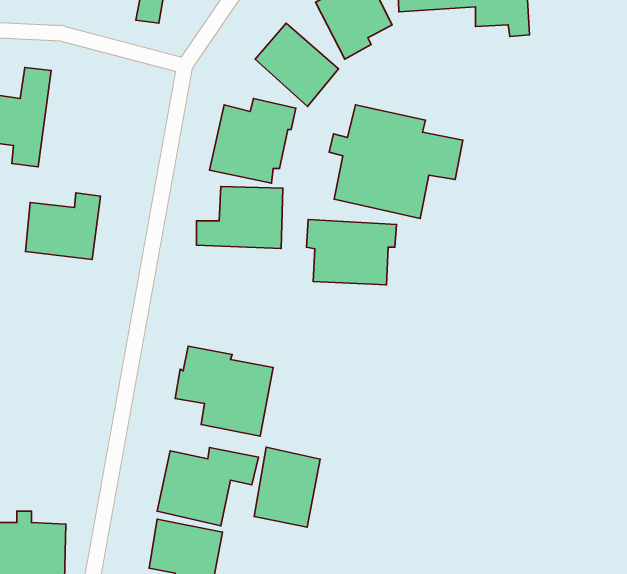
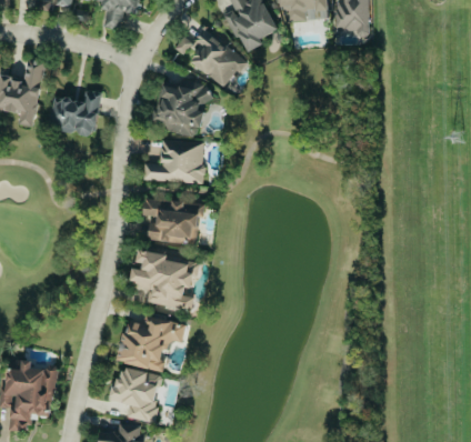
building: [329,105,463,218] -> none
building: [25,193,100,260] -> [50,90,101,135]
building: [307,219,396,285] -> [143,199,204,243]
building: [254,447,320,527] -> none

